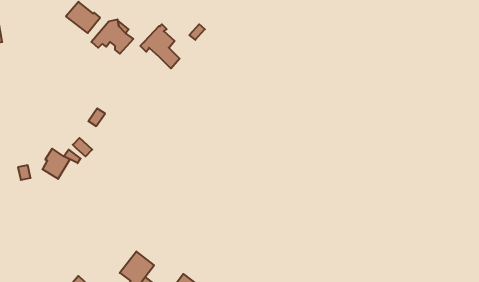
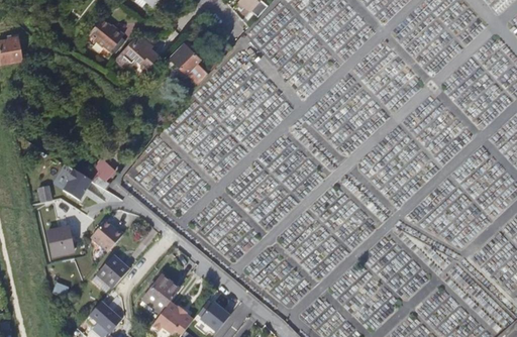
building: none -> [91,220,124,252]
building: none -> [47,227,74,256]
building: none -> [96,255,128,288]

